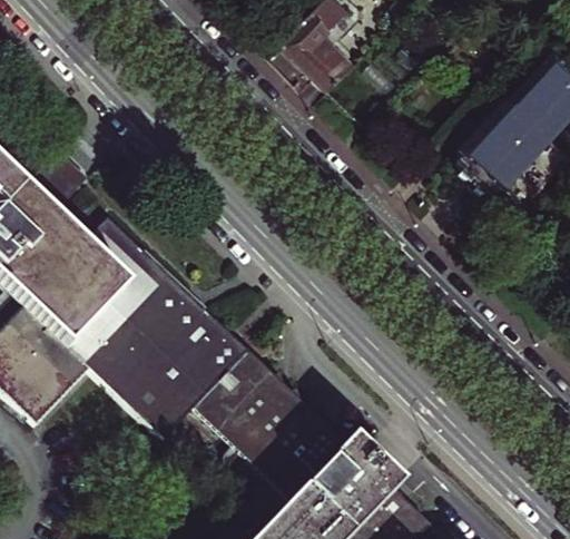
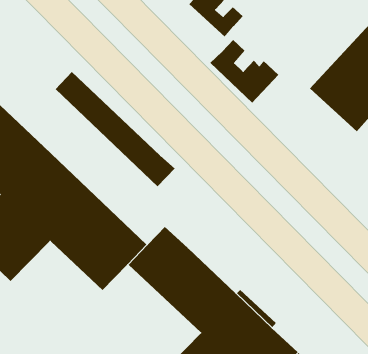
building: none -> [210,39,279,104]
building: [82,216,248,375] -> [55,71,175,187]

